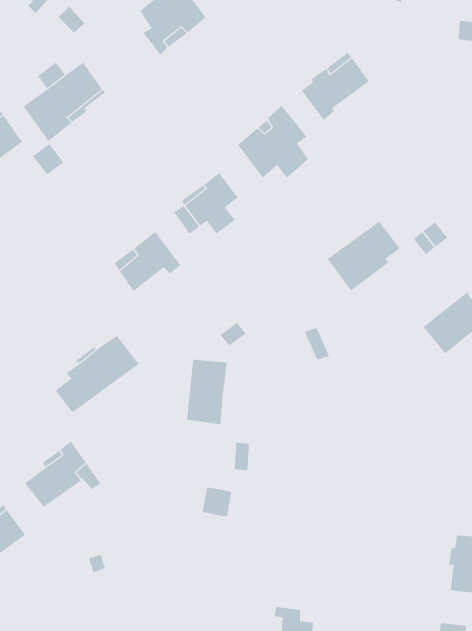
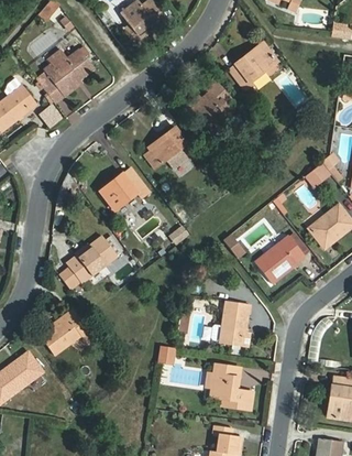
building: [327,221,400,291] -> [252,235,302,283]
building: [186,359,228,425] -> [220,302,249,347]
building: none -> [210,366,254,409]

